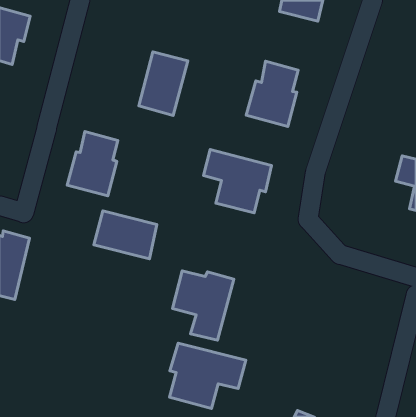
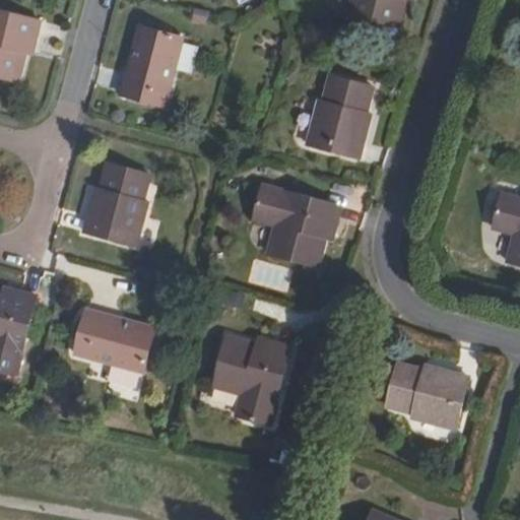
building: [139,52,188,116] -> [120,26,181,106]
building: [94,211,157,259] -> [74,310,152,370]
building: none -> [385,364,465,427]
building: [169,343,246,409] -> none

